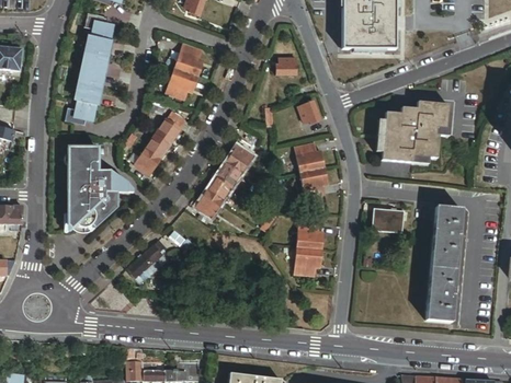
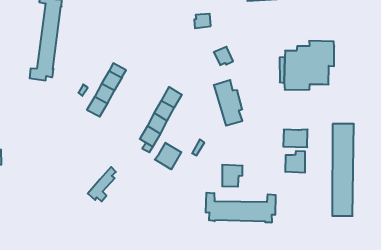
building: [166,43,203,100] -> none
building: [67,146,125,231] -> none
building: none -> [155,143,181,169]
building: [296,221,322,249] -> none
building: none -> [285,151,305,173]
building: none -> [206,193,276,223]

